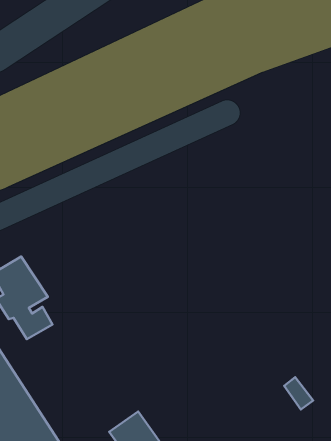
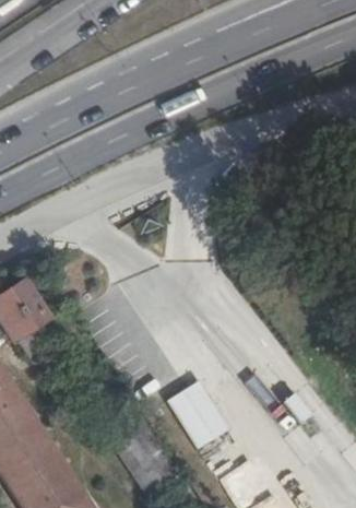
building: none -> [168,383,226,451]

